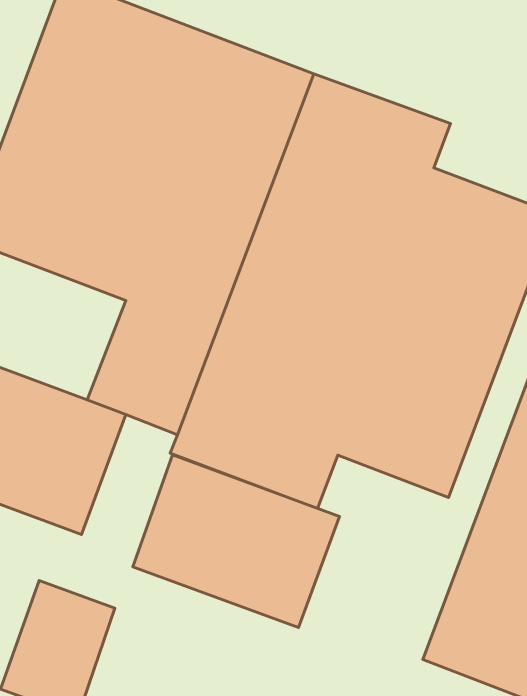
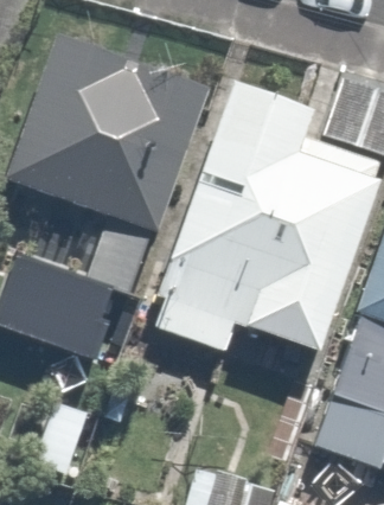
building: [133,455,339,627] -> none

